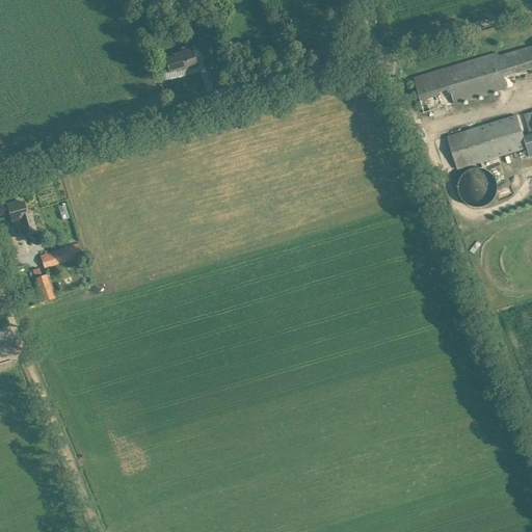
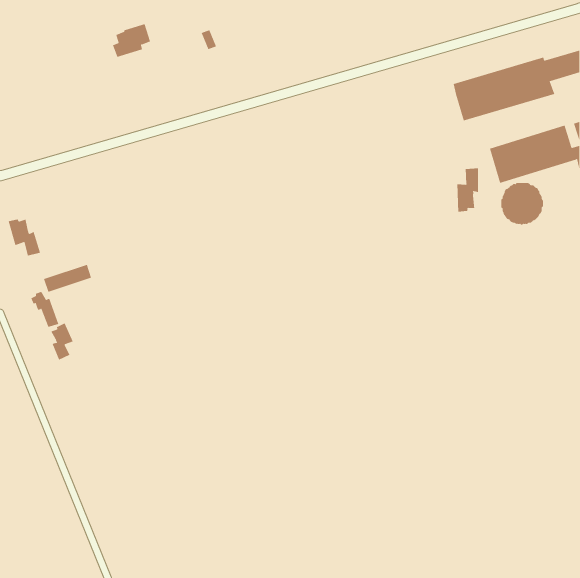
building: [162,48,197,79] -> [112,23,151,57]
building: none -> [457,167,478,212]
building: none -> [51,323,74,361]

